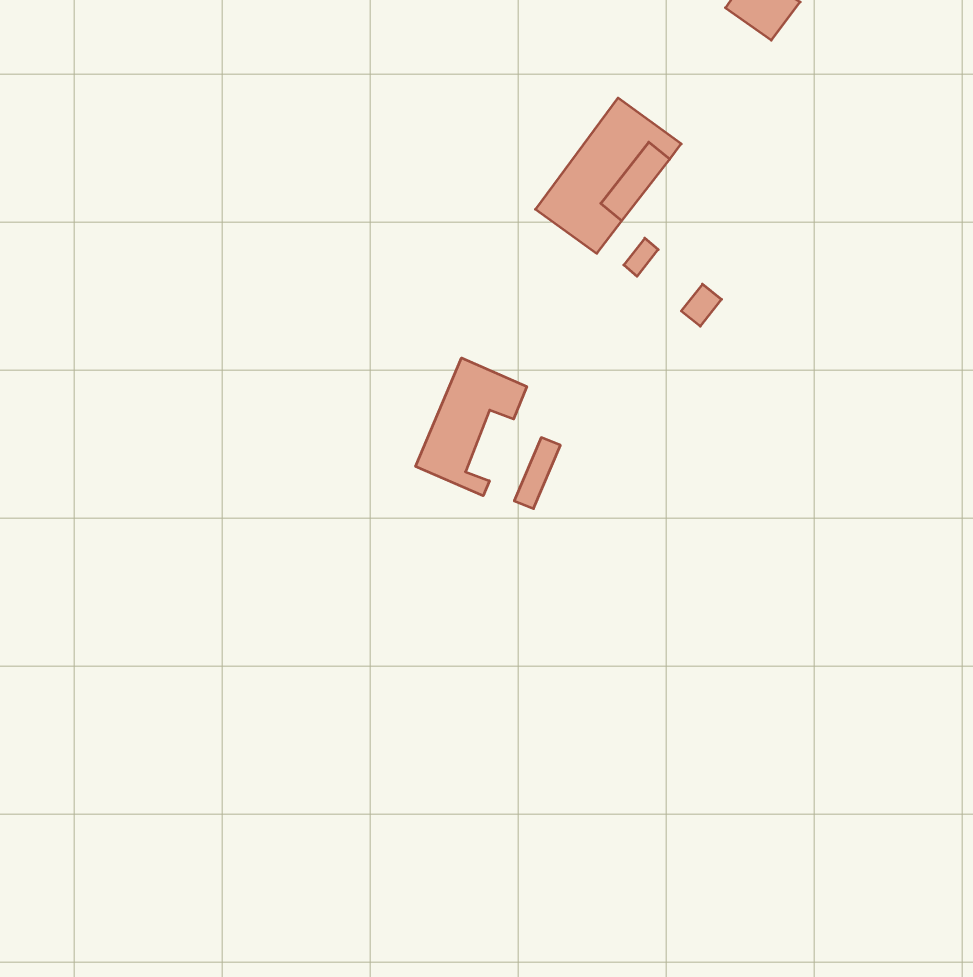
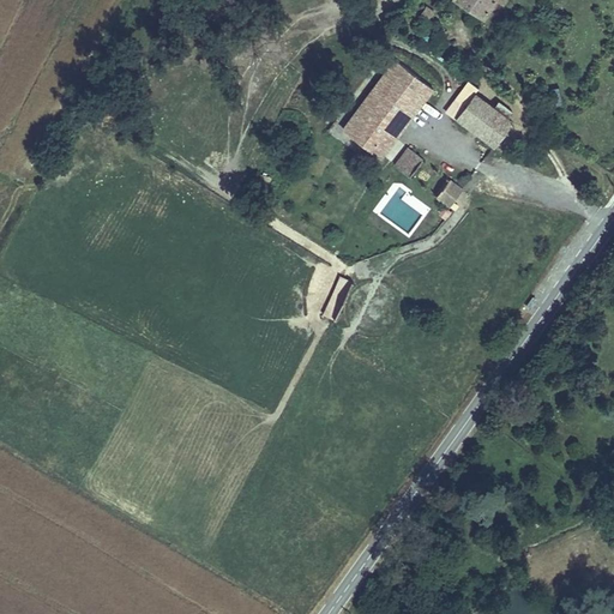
building: none -> [456,91,512,143]
building: [416,358,527,496] -> none

